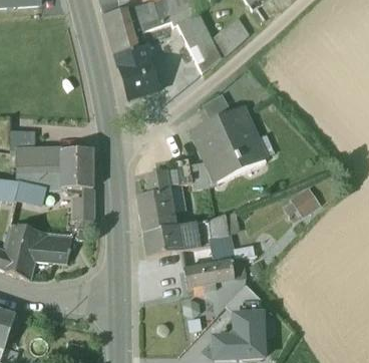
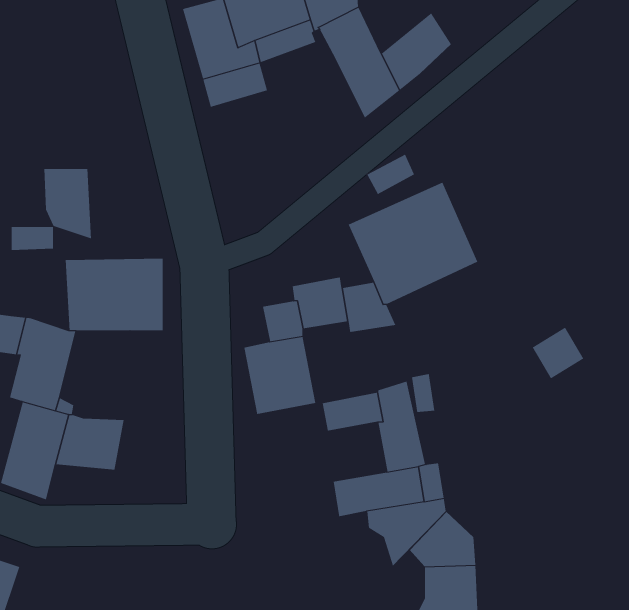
building: [117,58,157,99] -> none
building: [15,149,41,188] -> [43,168,92,239]
building: [74,188,92,231] -> none
building: [142,227,181,257] -> none

